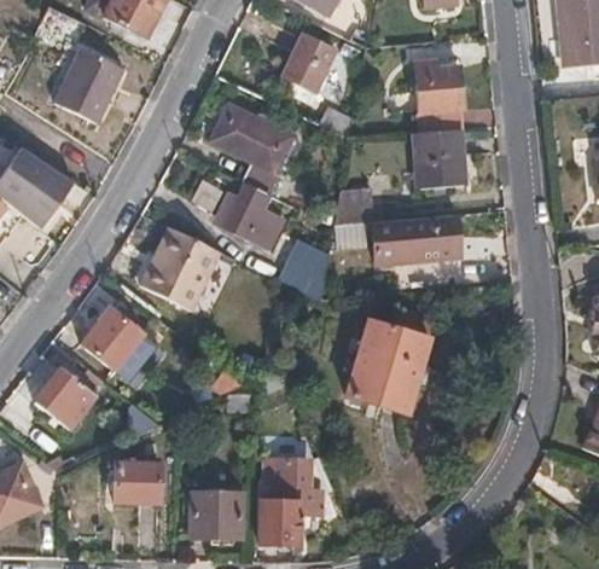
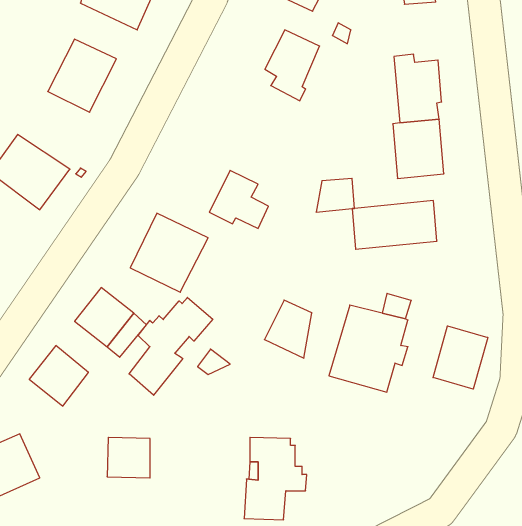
building: [208,100,310,208] -> none
building: [278,239,327,300] -> [264,300,312,358]
building: none -> [129,297,213,395]
building: none -> [433,326,488,389]
building: [190,488,240,536] -> none

